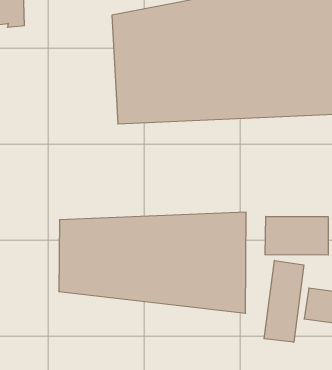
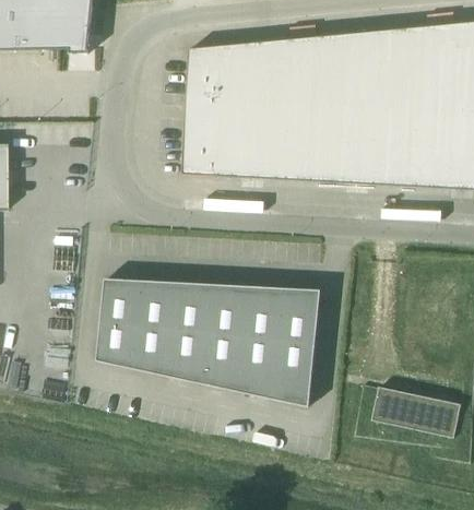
building: [265,216,328,255] -> none
building: [264,260,304,342] -> none

